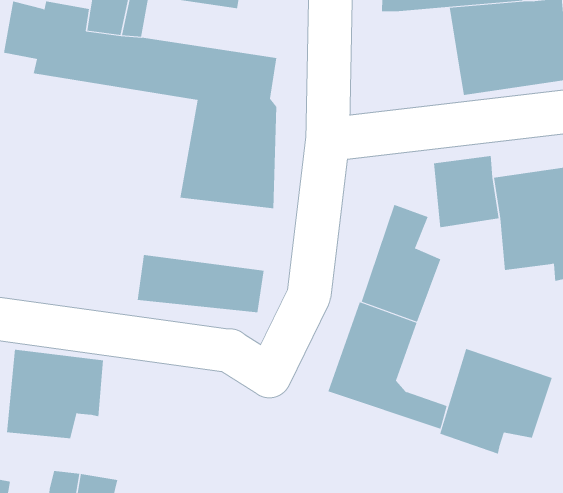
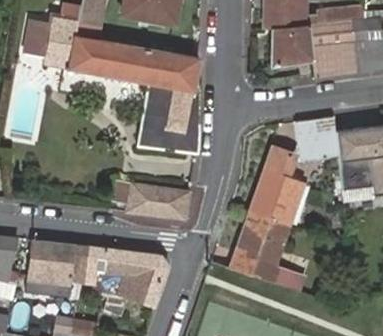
building: none -> [273,23,313,66]
building: [440,348,552,455] -> none
building: none -> [85,247,168,314]

